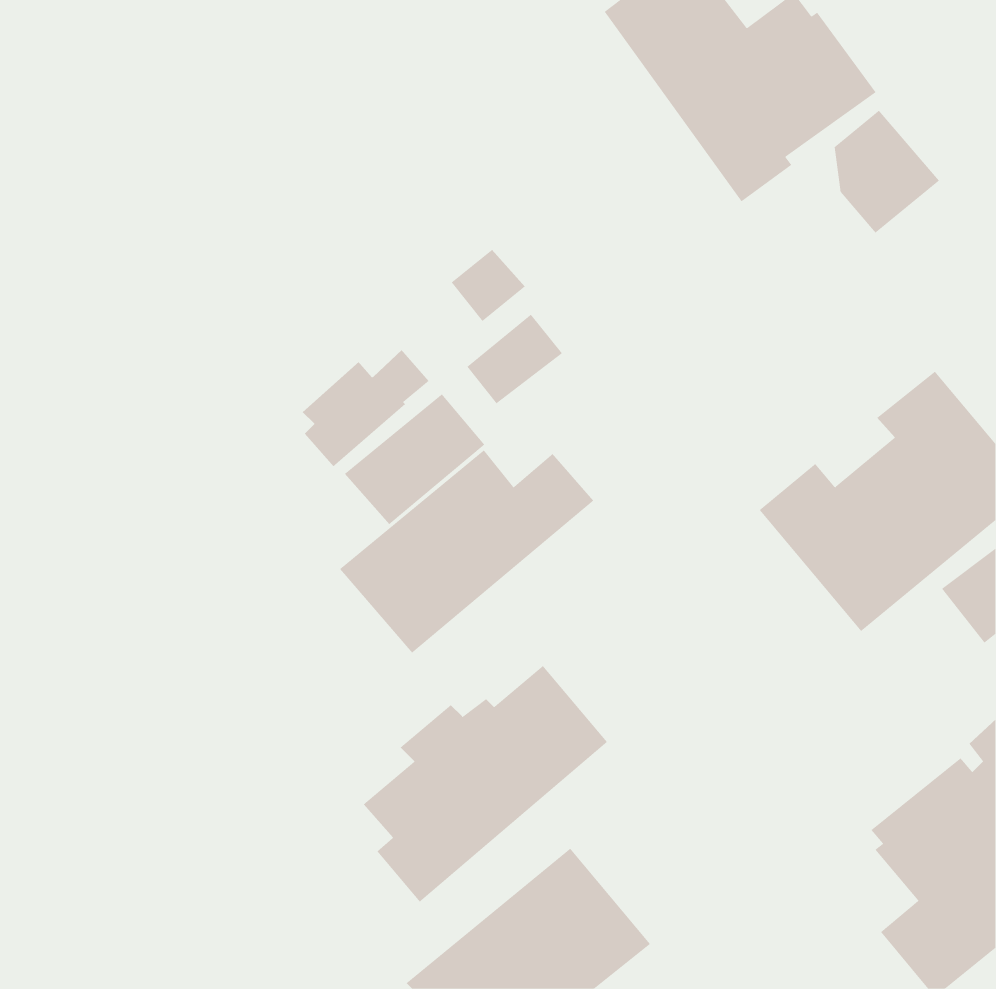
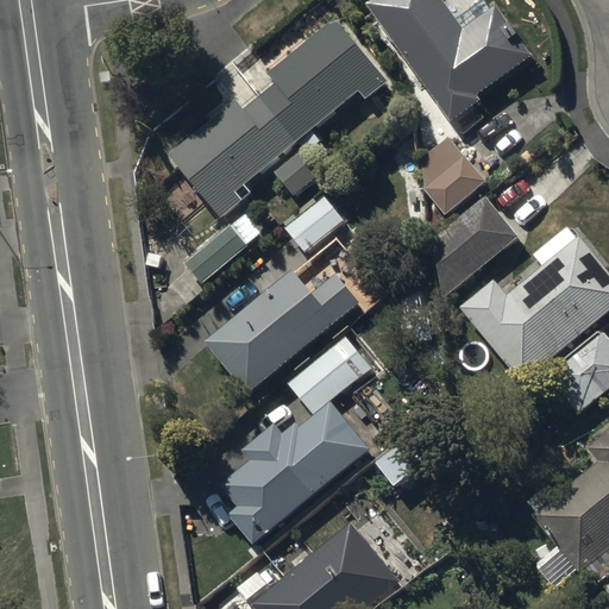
building: none -> [170,20,401,216]
building: [834,110,940,233] -> [421,138,485,213]
building: none -> [413,190,514,287]
building: [344,393,485,525] -> [287,333,372,413]

